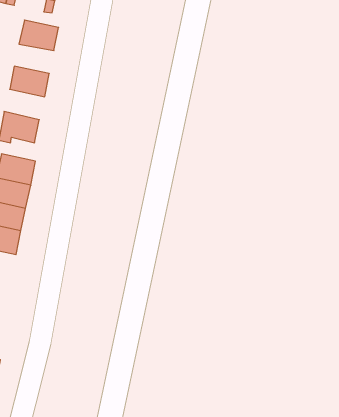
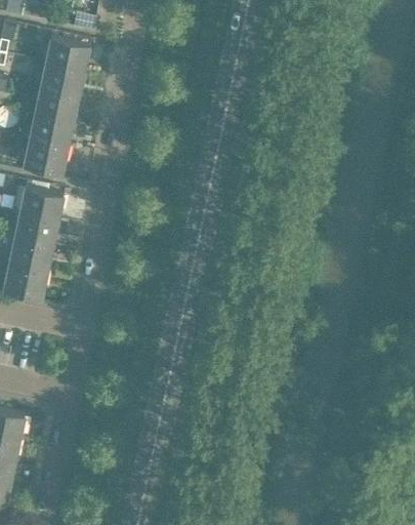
building: none -> [40,62,84,94]
building: none -> [29,112,74,146]

